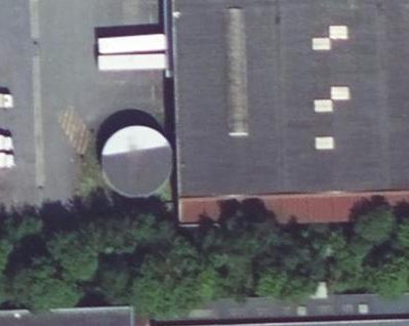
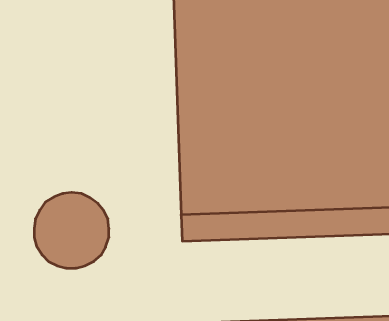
building: [101,125,171,196] -> [34,192,109,268]

